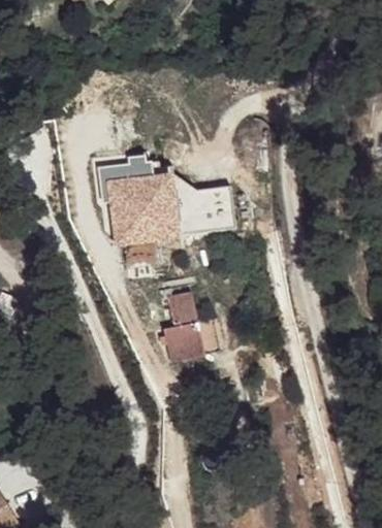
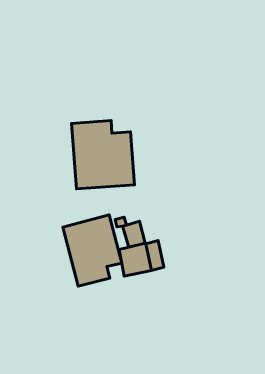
building: [193,196,236,232] -> none
building: none -> [63,215,122,286]

